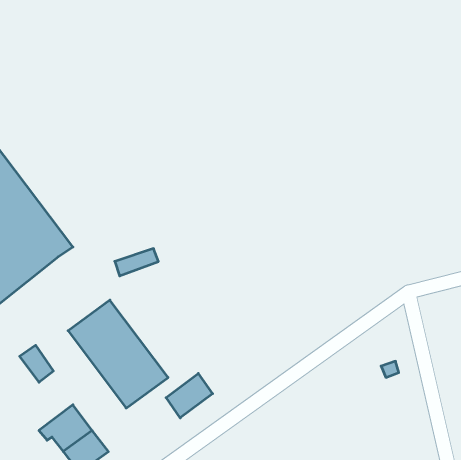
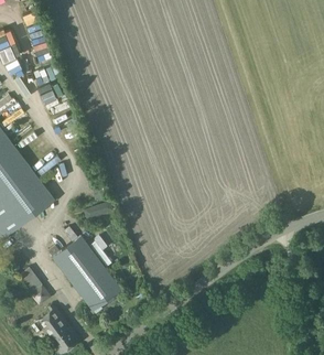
building: [166,373,213,418] -> none

